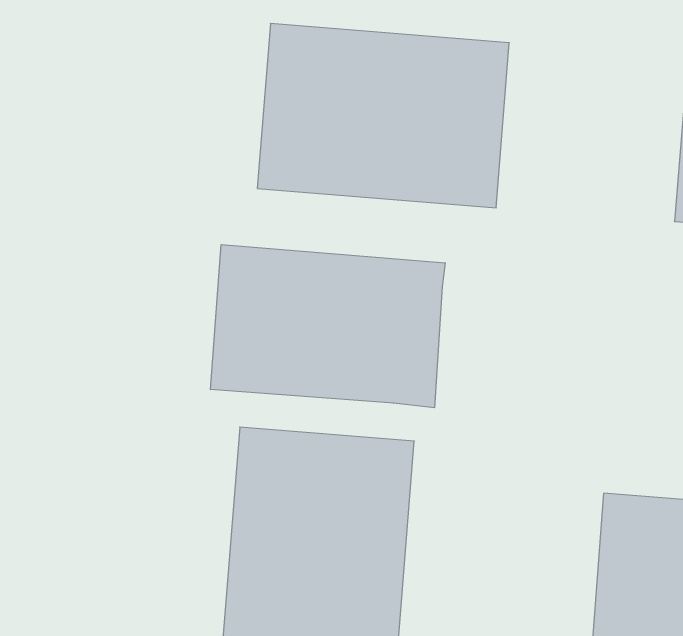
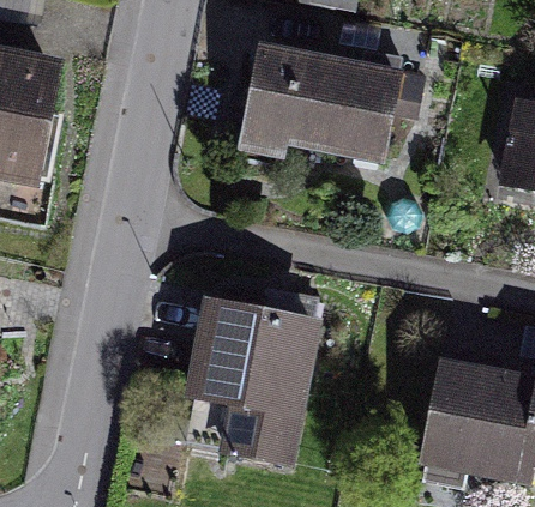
building: [211,245,445,408] -> none

